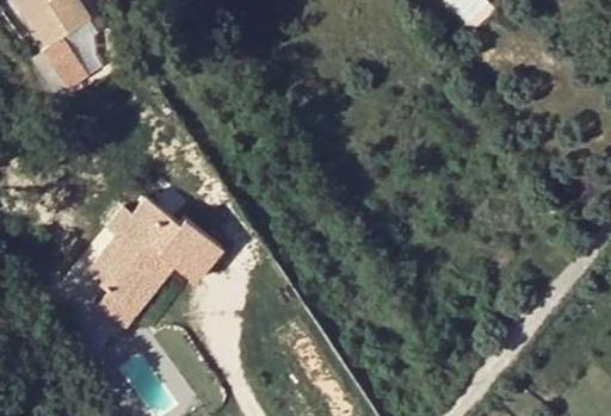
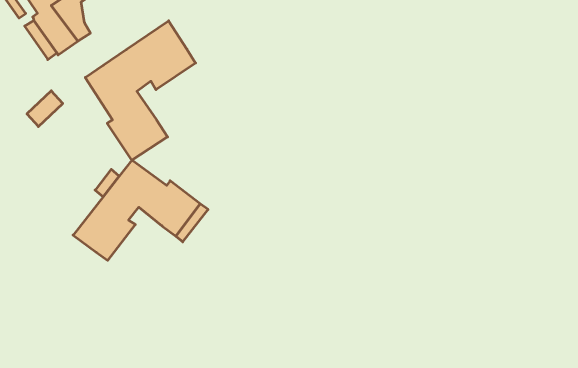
building: none -> [85,21,196,160]
building: [98,246,175,328] -> none

